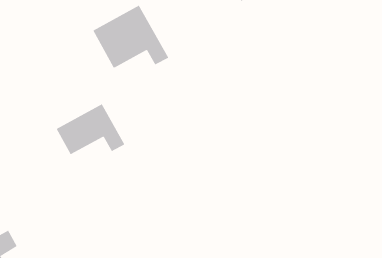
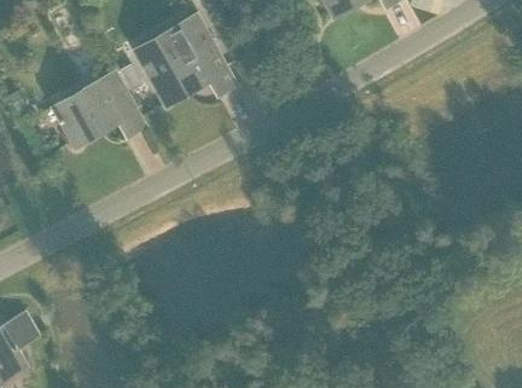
building: [56,103,125,160] -> [52,73,144,147]

